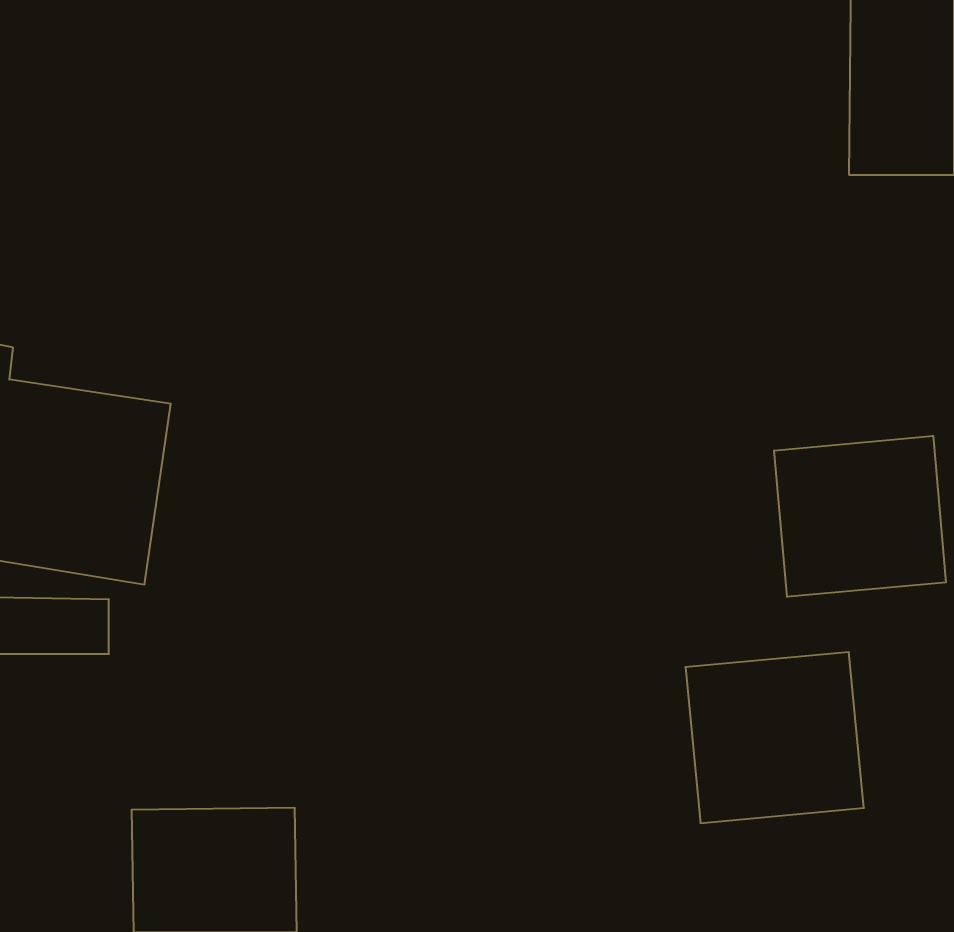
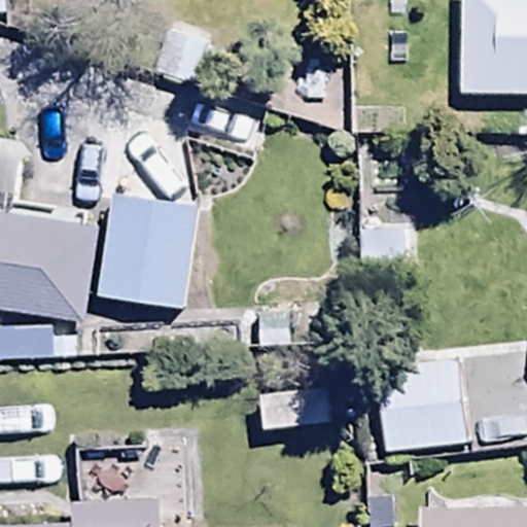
building: none -> [97,192,201,310]
building: [774,436,946,597] -> none

